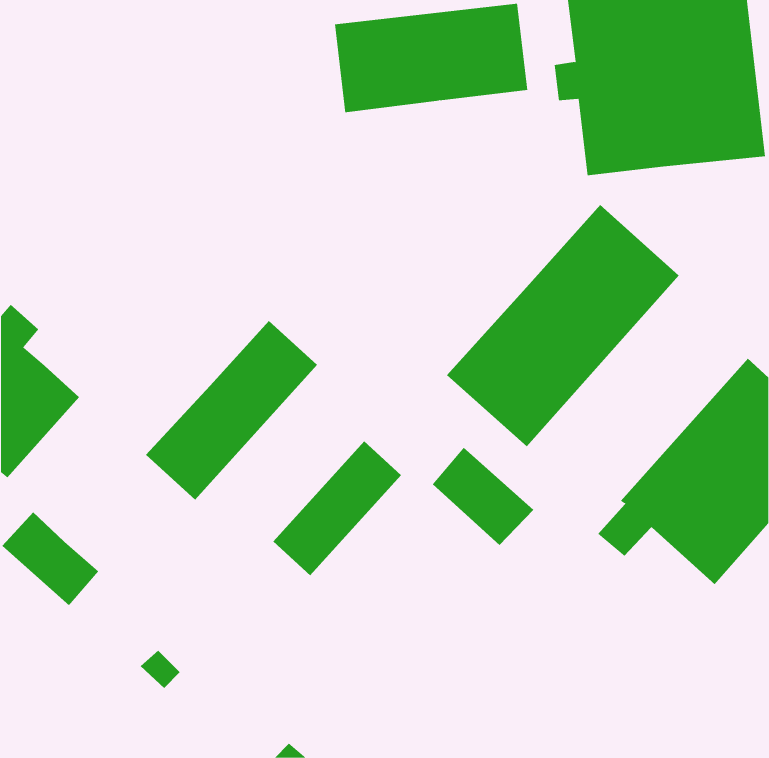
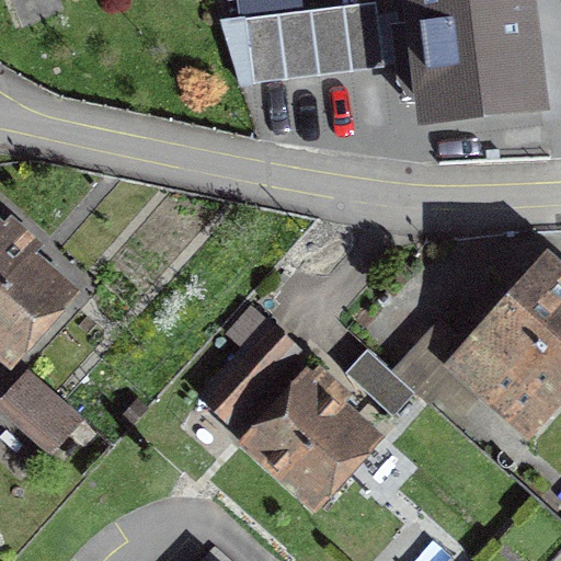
building: [446,204,679,447] -> none
building: [145,320,318,500] -> none
building: none -> [247,365,365,494]

